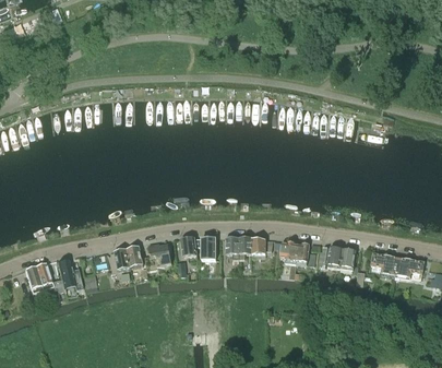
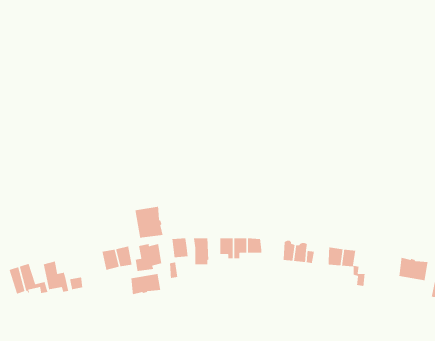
building: none -> [135,206,164,238]
building: [370,251,398,274] -> none
building: none -> [131,273,161,295]

